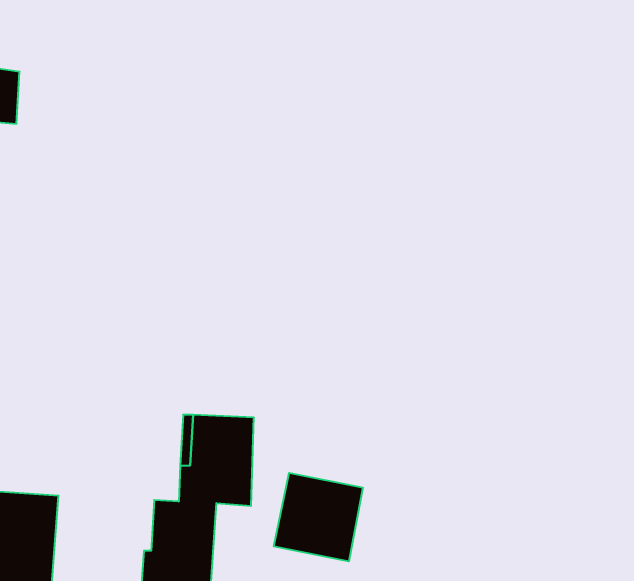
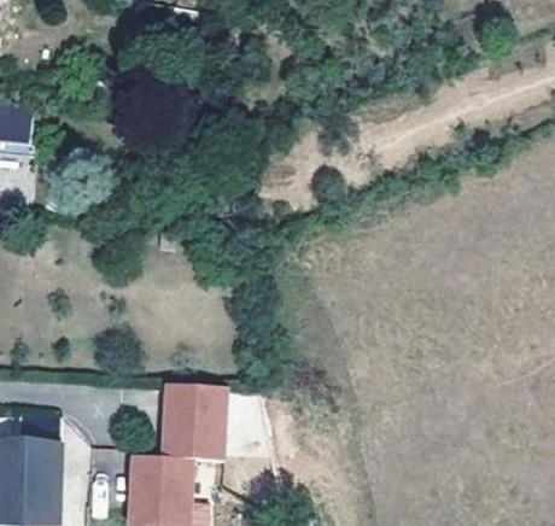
building: [274,473,363,561] -> none

